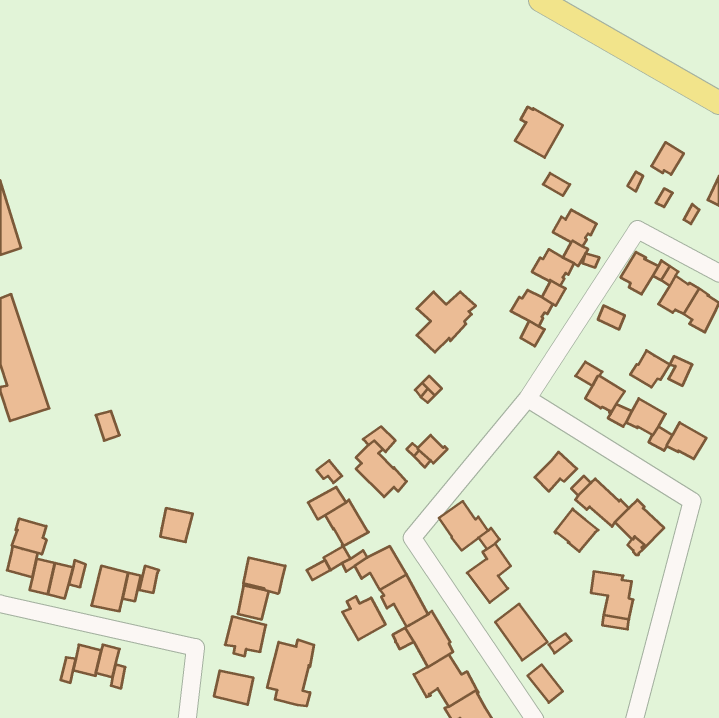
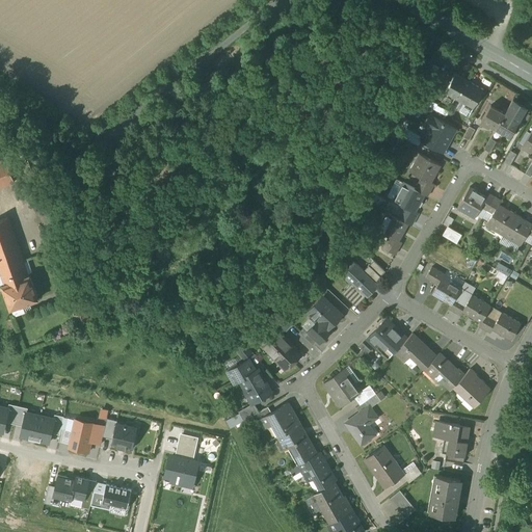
building: none -> [445,75,483,110]
building: [515,107,563,158] -> [421,116,456,154]
building: none -> [496,101,527,138]
building: [417,292,476,352] -> [342,262,385,307]
building: [630,350,670,387] -> none
building: none -> [309,298,342,331]
building: none -> [367,321,407,354]
building: [160,508,193,542] -> [112,424,136,449]
building: [555,509,598,552] -> none
building: [12,519,46,554] -> none
building: [243,558,285,594] -> none
building: [342,596,385,640] -> none
building: [267,640,314,706] -> none
building: none -> [430,477,460,518]
building: [214,671,253,705] -> [102,484,131,509]

